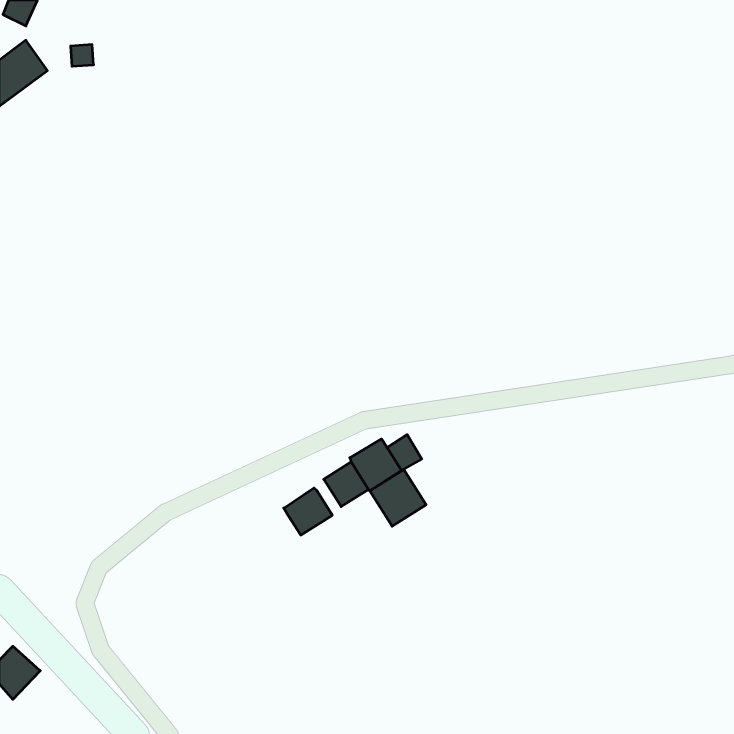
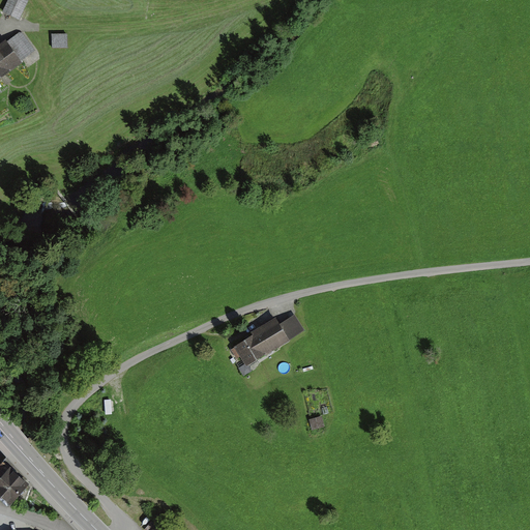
building: [370,469,426,526] -> none
building: [284,488,332,535] -> none

